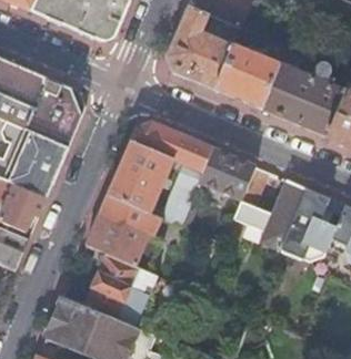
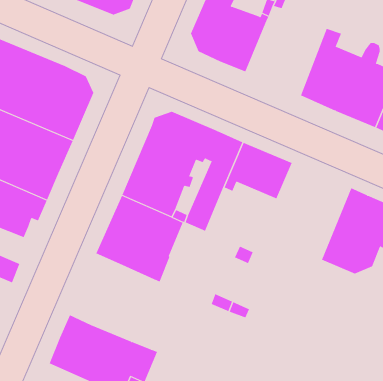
building: [215,42,285,109] -> none
building: [224,166,305,249] -> none
building: [83,253,158,326] -> none

